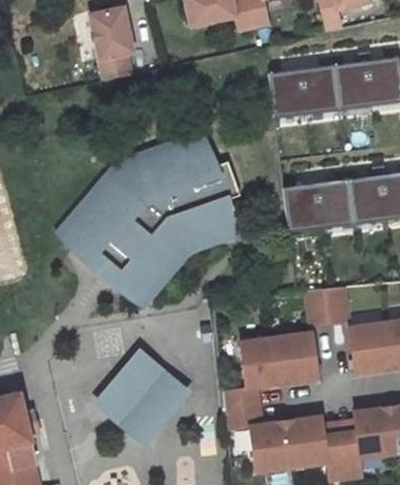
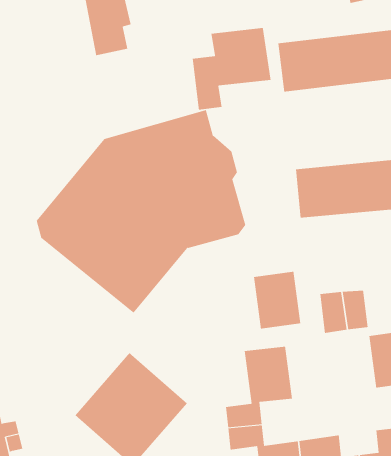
building: none -> [192,27,271,111]
building: [275,334,318,386] -> [253,271,301,329]

